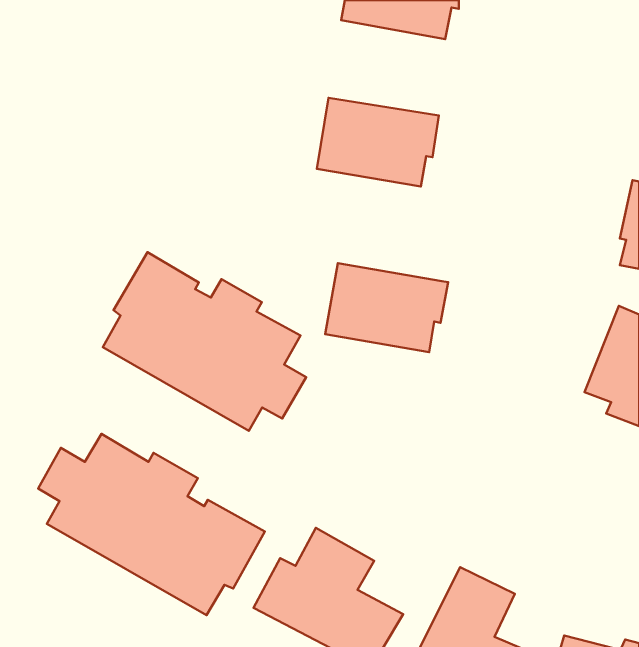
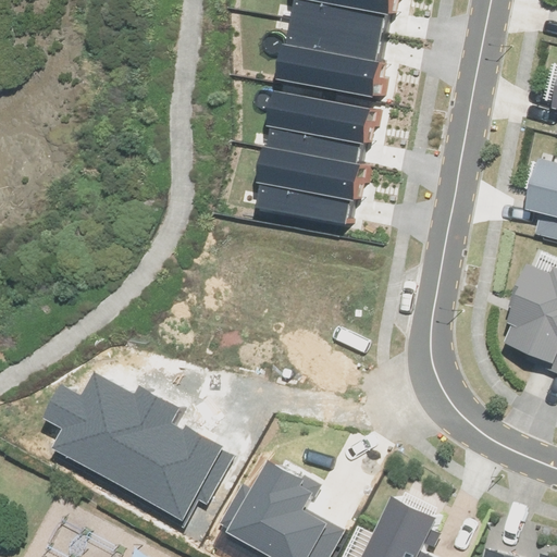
building: none -> [283,18,383,96]
building: [103,252,306,431] -> none
building: [325,263,448,352] -> [261,146,367,222]

